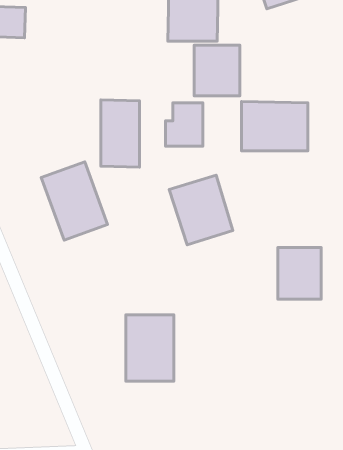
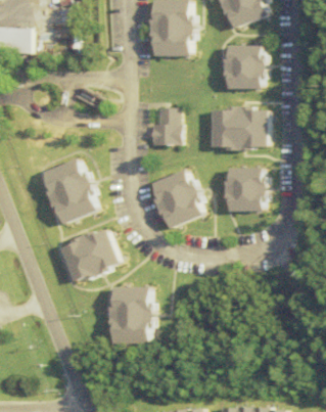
building: [194,45,240,96] -> [224,45,263,88]
building: [101,100,140,167] -> none
building: none -> [60,228,119,282]
building: [278,248,321,299] -> [227,167,264,211]

